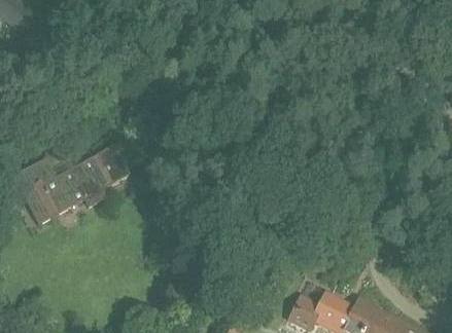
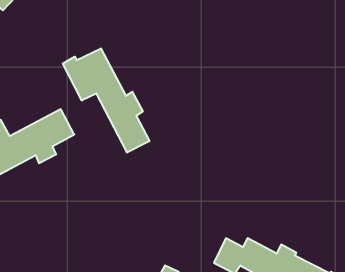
building: none -> [63,48,149,153]

